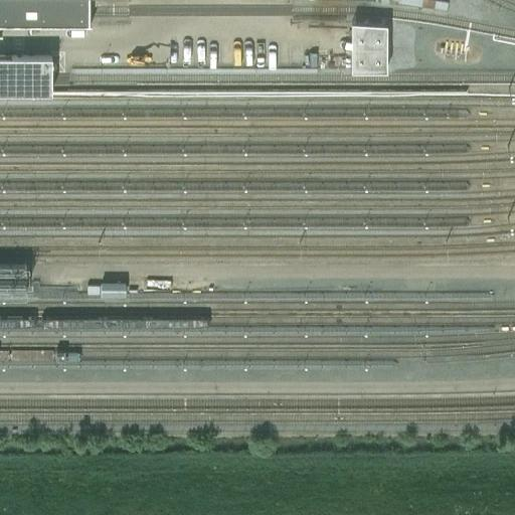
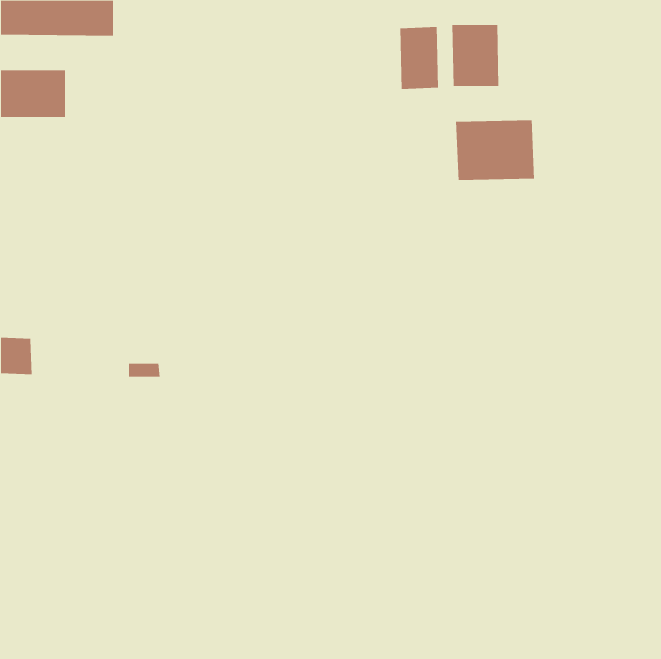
building: none -> [400,26,439,90]
building: none -> [456,120,534,181]

